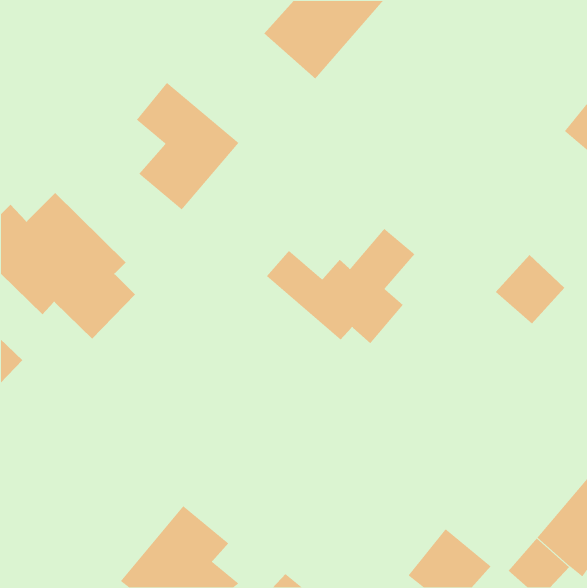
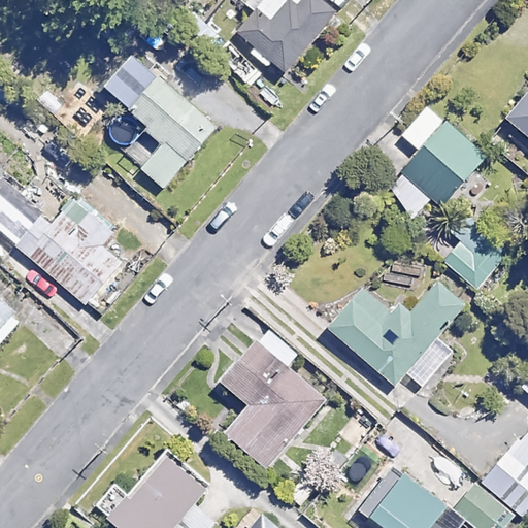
building: none -> [385,122,483,218]
building: [266,228,415,344] -> [329,283,463,387]
building: none -> [219,326,324,468]

